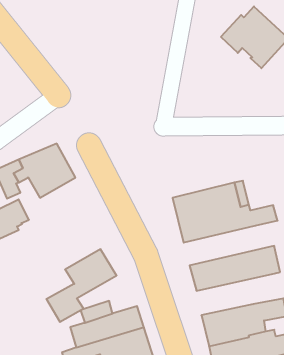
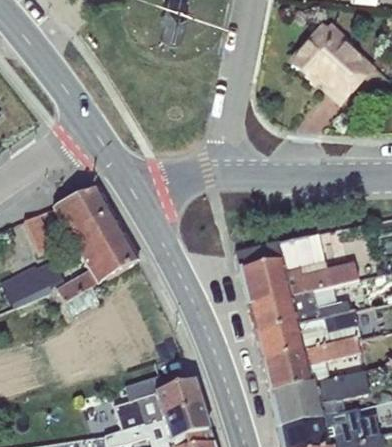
building: none -> [249,286,351,333]
building: [46,249,117,322] -> [57,229,140,315]
building: none -> [264,342,363,392]

